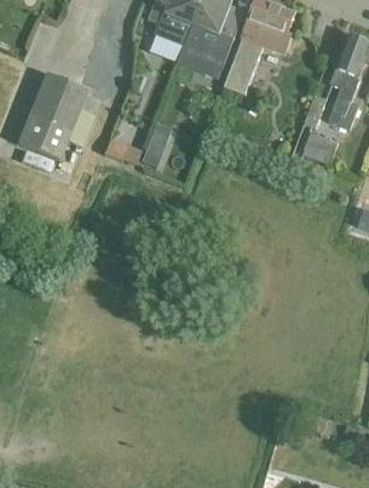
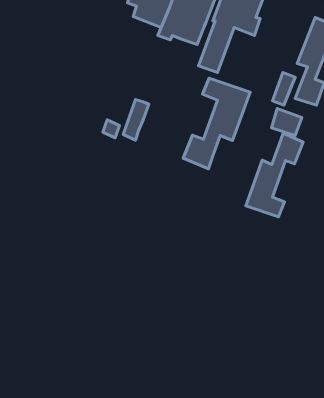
building: [17,73,86,159] -> none
building: none -> [183,78,250,169]
building: none -> [246,133,303,217]

